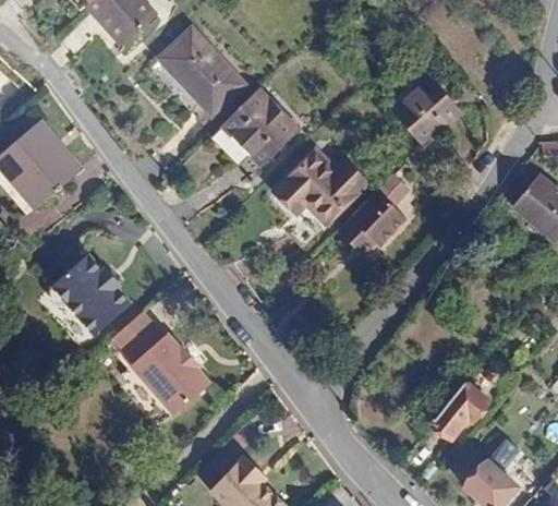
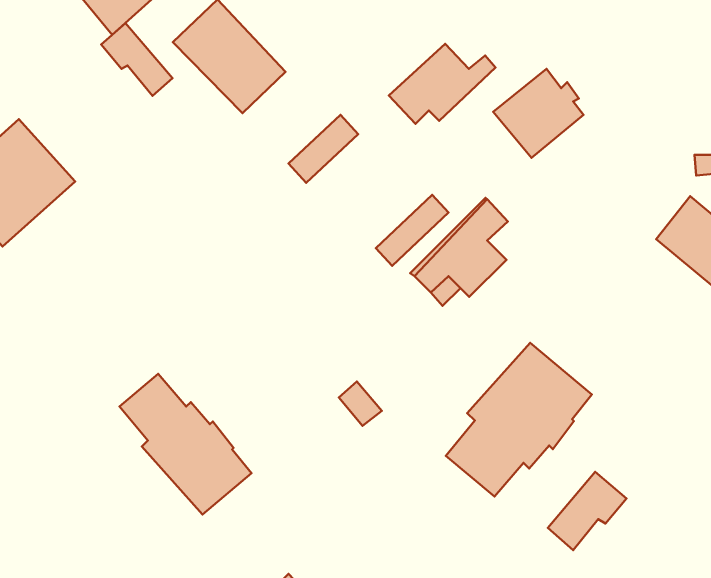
building: none -> [101,23,172,96]
building: [217,87,281,150] -> none
building: [270,156,349,215] -> [389,44,495,124]
building: [53,248,134,328] -> none
building: none -> [446,343,592,497]

